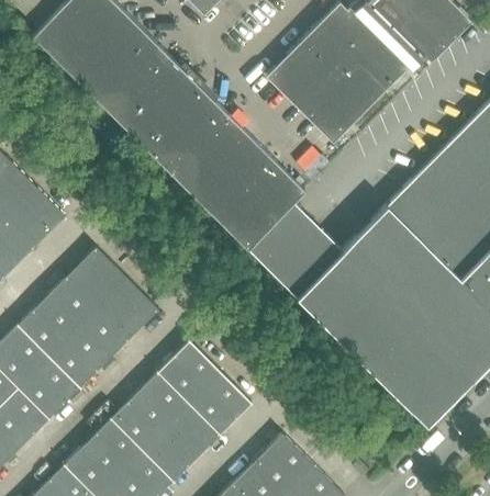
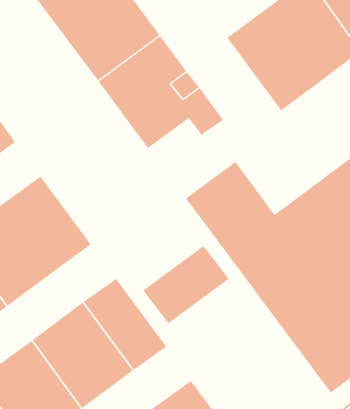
building: [201,162,304,249] -> none
building: none -> [142,245,229,324]

